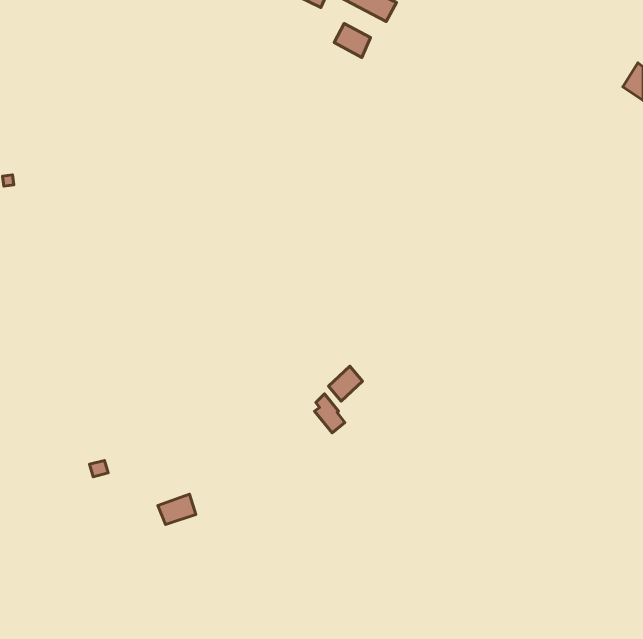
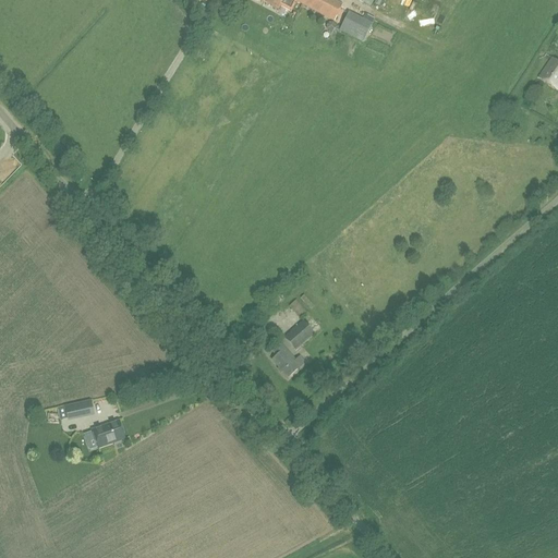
building: [334,24,371,58] -> [340,11,372,40]
building: [158,494,196,524] -> [92,418,124,445]

